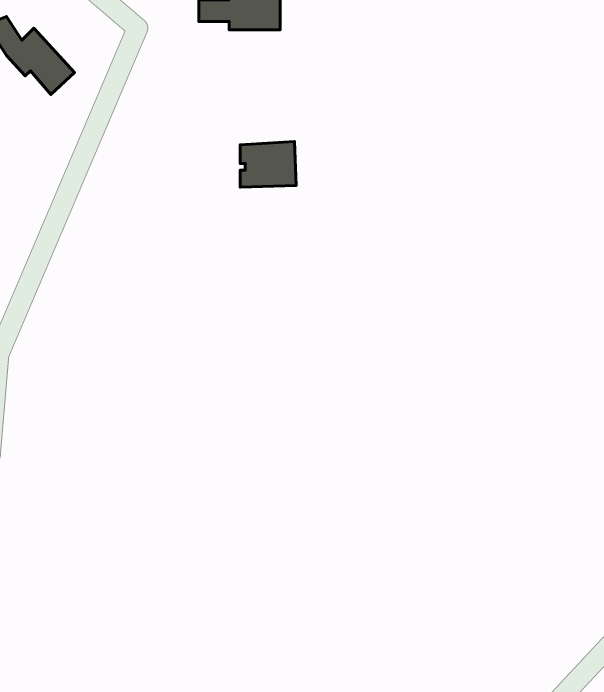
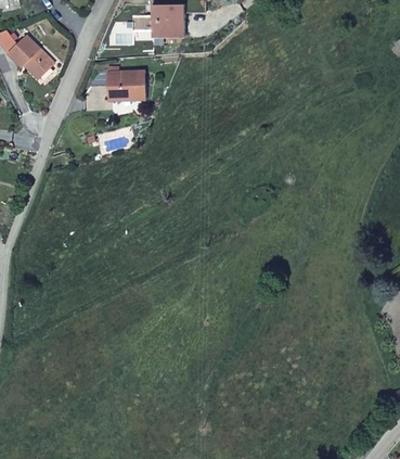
building: [240,141,296,187] -> [107,71,143,100]

